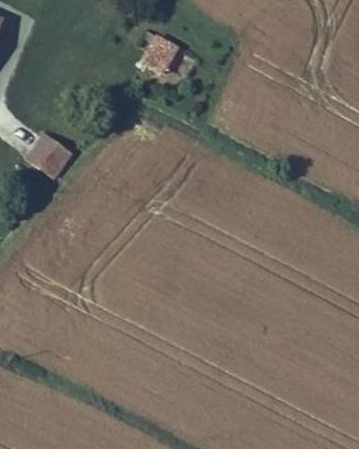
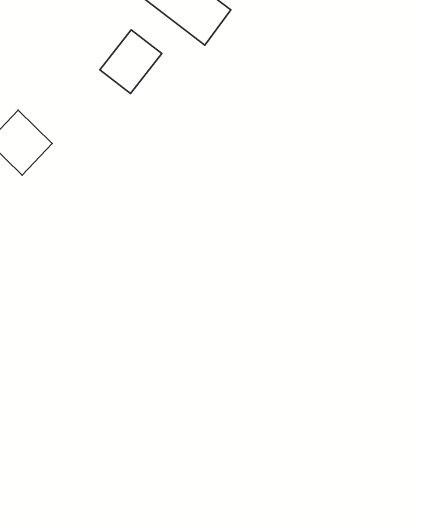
building: none -> [100,30,162,93]

